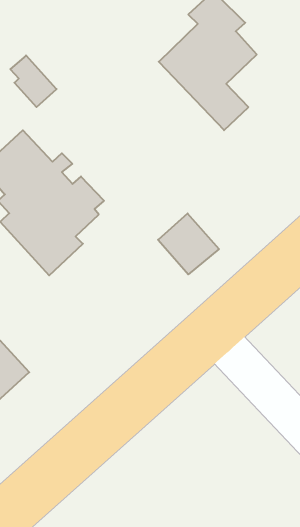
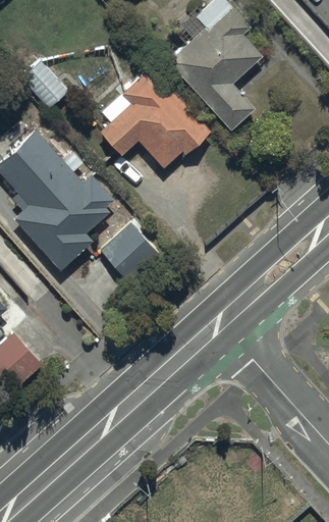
building: none -> [99,68,210,168]
building: [158,213,219,274] -> [101,223,160,282]

